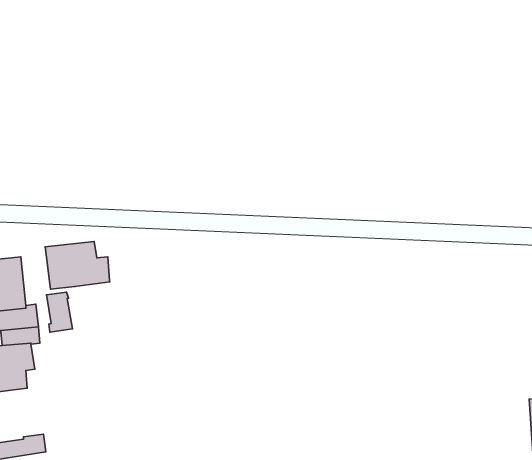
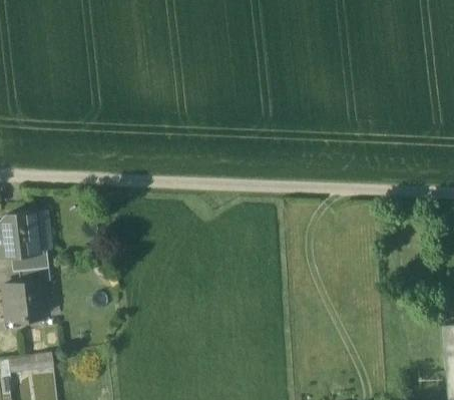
building: [45,242,110,289] -> none
building: [46,292,72,332] -> none

